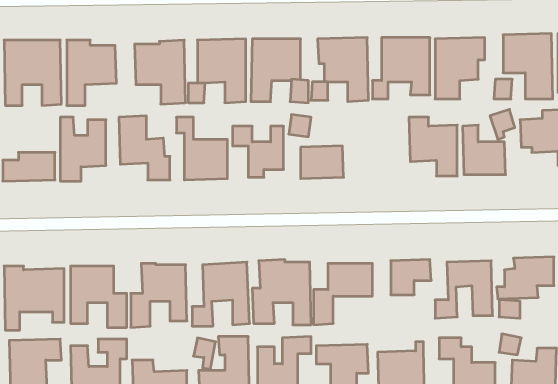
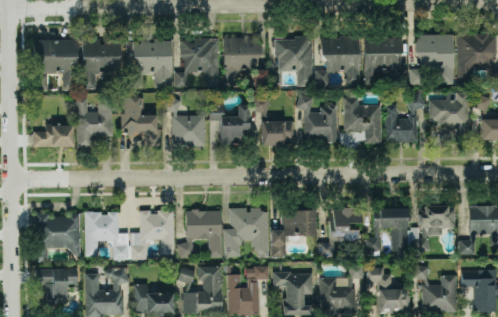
building: none -> [298,96,337,141]

